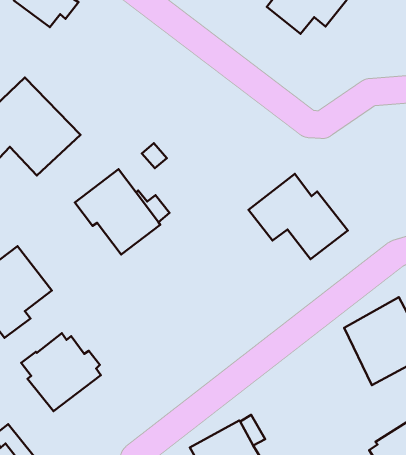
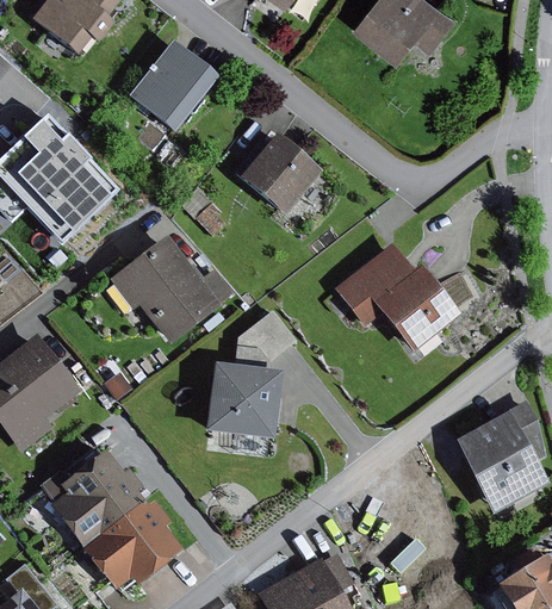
building: none -> [130,38,219,130]
building: none -> [240,131,323,213]
building: none -> [205,309,297,439]
building: none -> [83,499,185,590]

